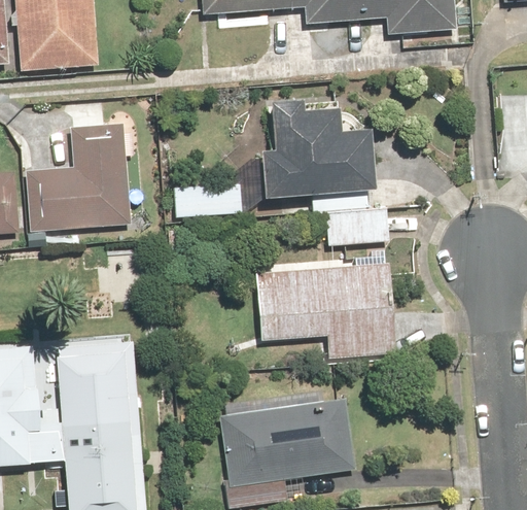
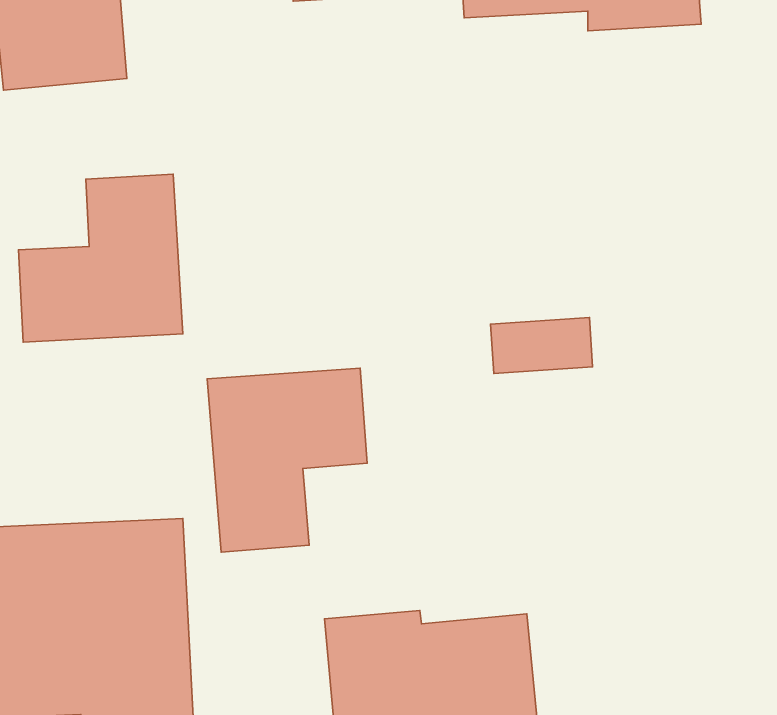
building: [172,95,377,219] -> none
building: none -> [207,368,367,552]
building: [257,262,394,359] -> none

